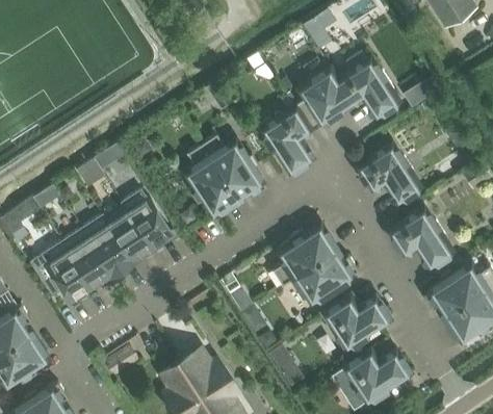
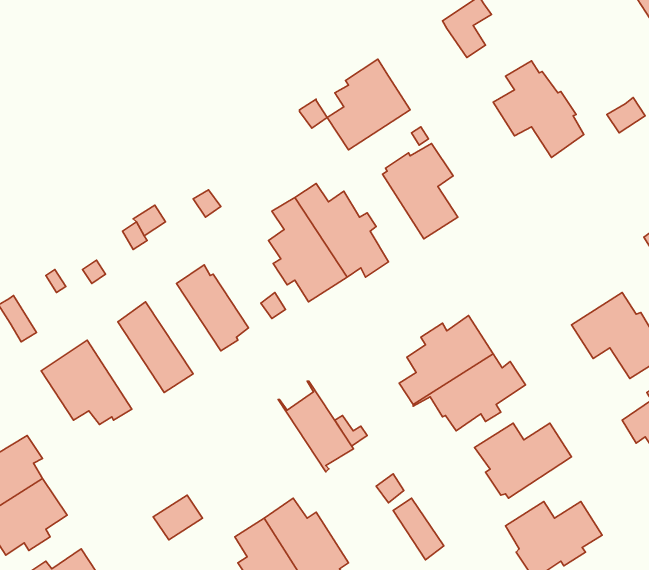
building: [295,70,352,131] -> [327,59,410,150]
building: [358,146,420,204] -> none
building: [102,204,153,265] -> [278,381,353,472]
building: [62,230,114,289] -> none

